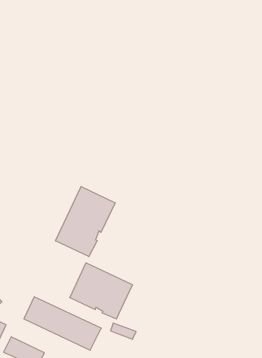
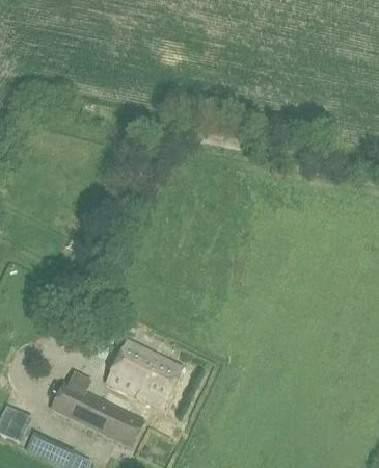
building: [55,186,115,257] -> none

